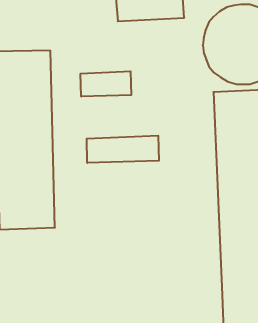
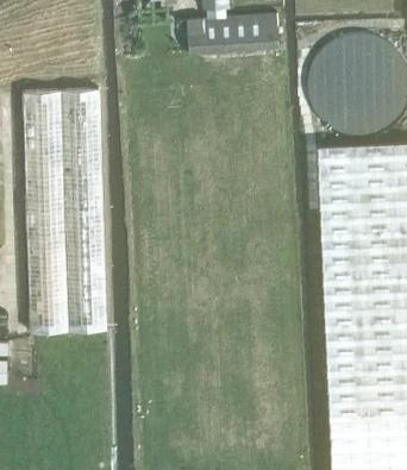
building: [81,71,131,97] -> none
building: [87,136,159,163] -> none

